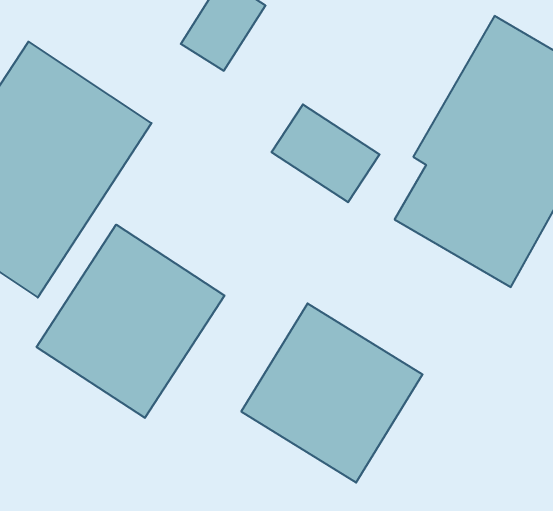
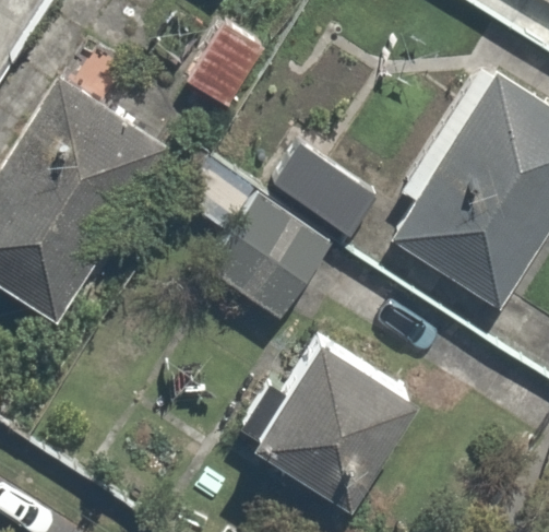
building: none -> [191,165,330,317]
building: [37,225,224,418] -> none

